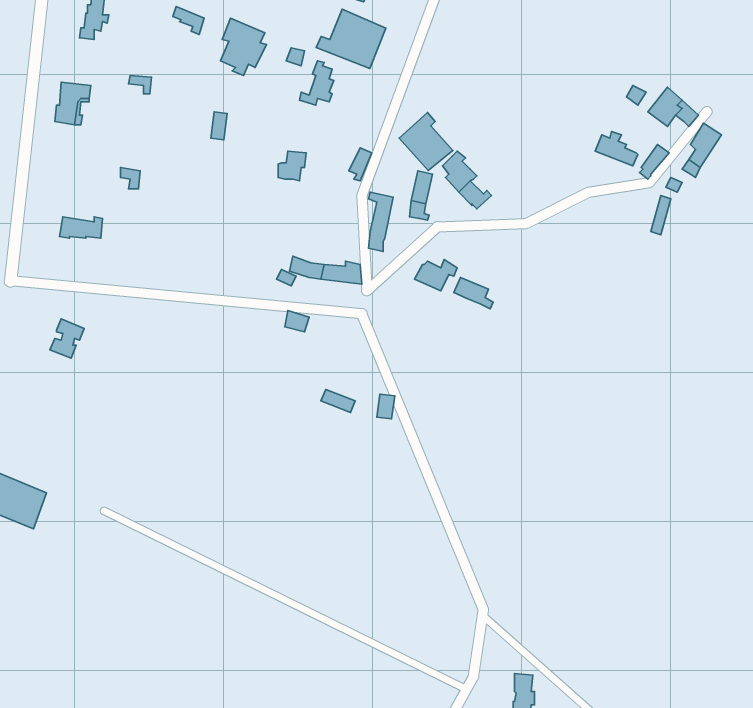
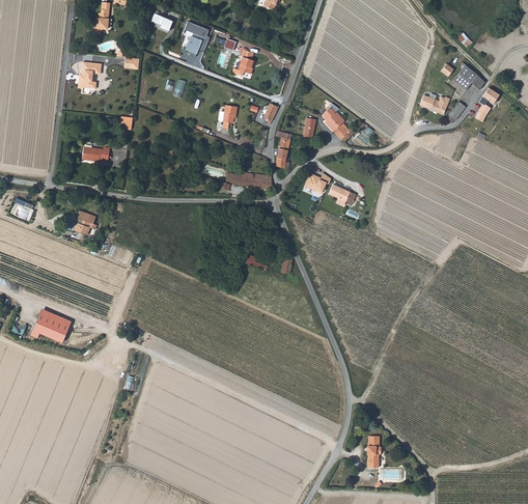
building: [316,9,386,68] -> none
building: [399,112,453,171] -> none

